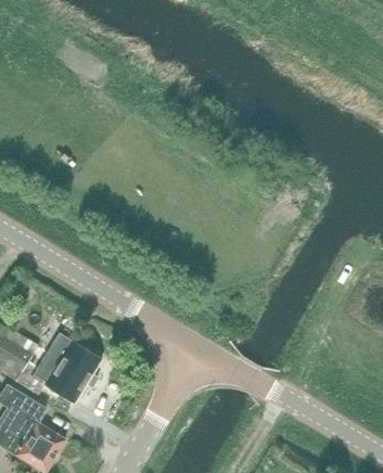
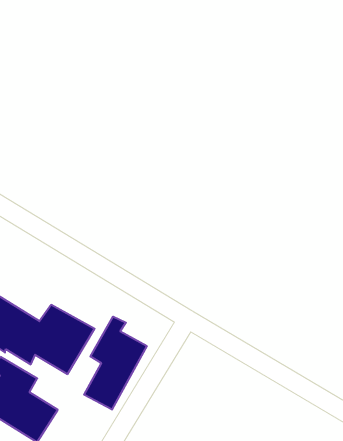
building: none -> [84,317,147,410]

